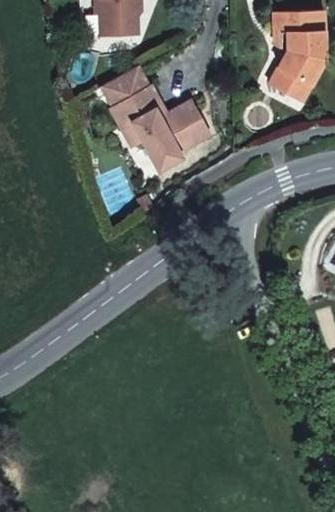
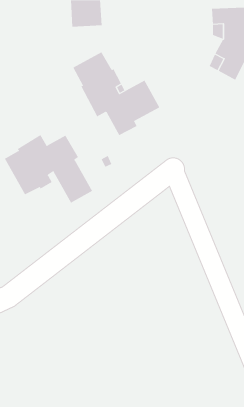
building: none -> [4,134,93,203]

